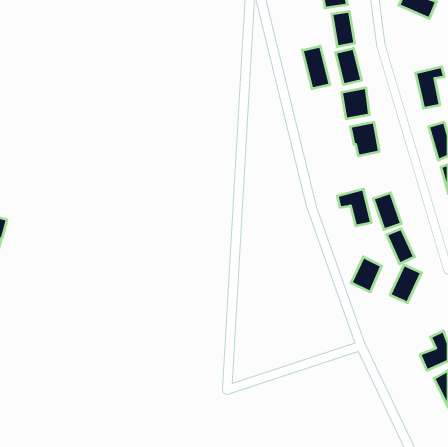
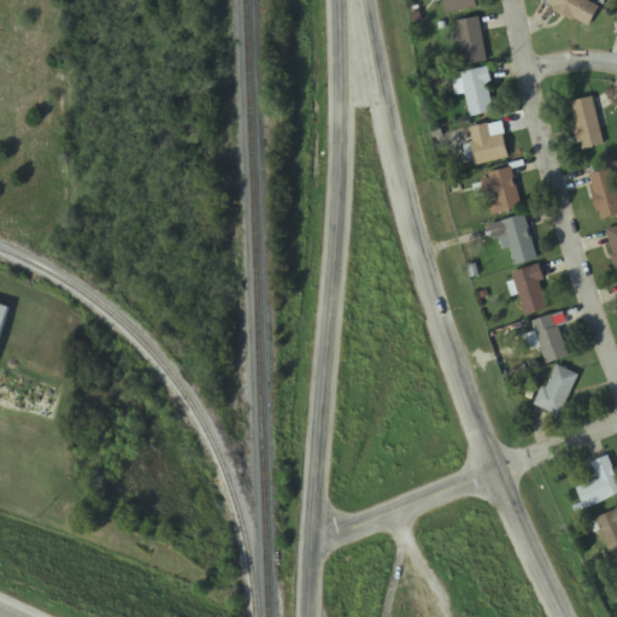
building: [302,46,330,89] -> none
building: [337,189,371,226] -> [488,213,535,264]
building: [351,257,382,292] -> none

